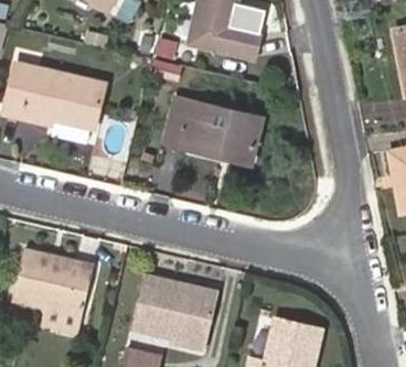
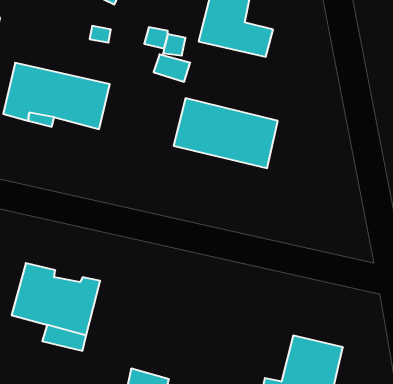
building: [132,272,220,345] -> none

